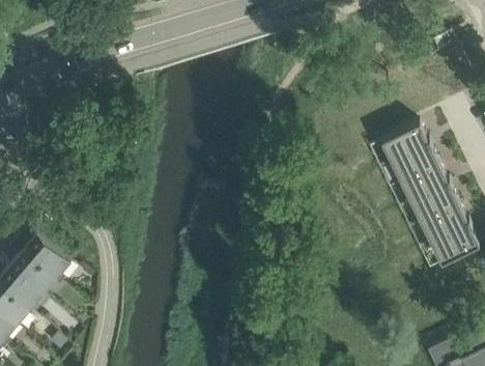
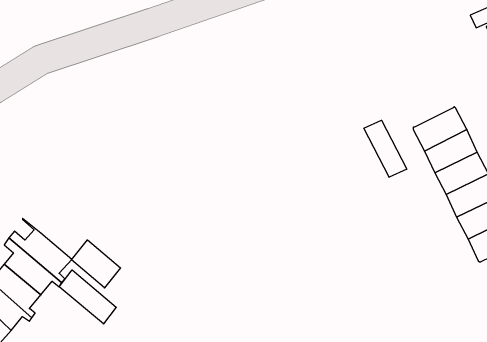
building: none -> [364,120,407,177]
building: none -> [71,240,121,288]
building: none -> [59,270,116,324]

